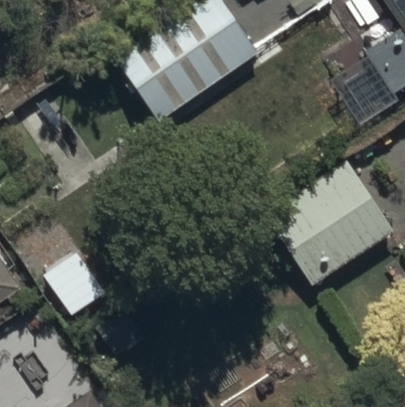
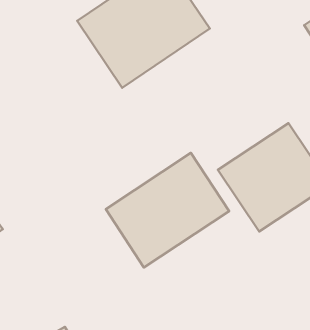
building: none -> [106,153,229,268]

